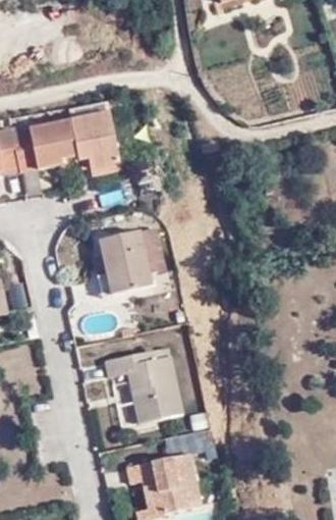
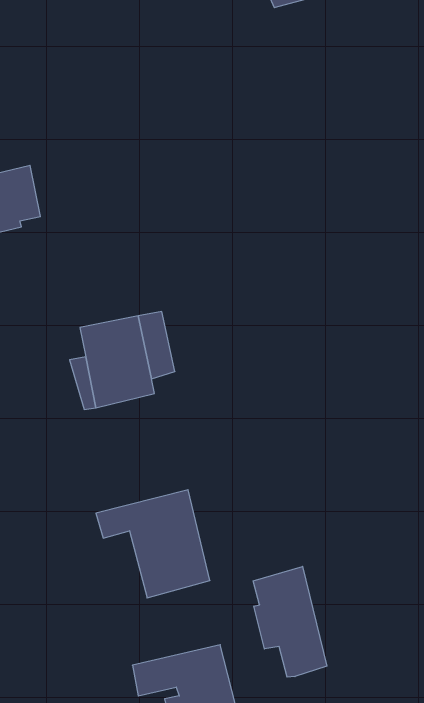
building: [57,111,108,174] -> none
building: none -> [253,566,327,677]

